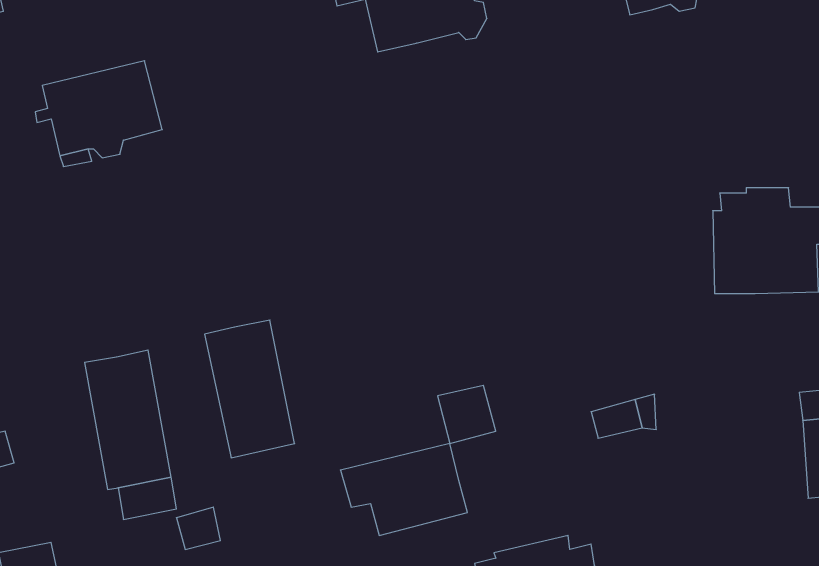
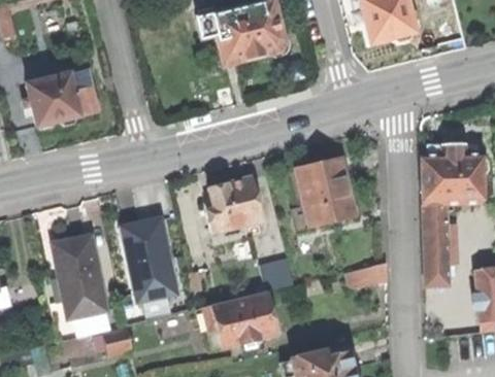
building: none -> [296,157,350,226]
building: none -> [208,177,262,232]
building: none -> [422,204,448,285]

